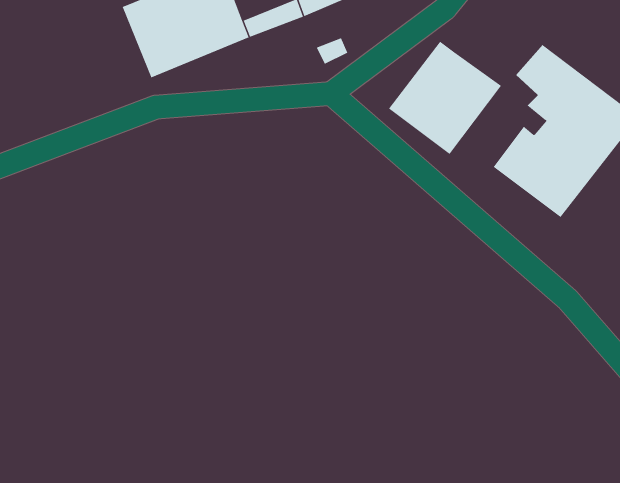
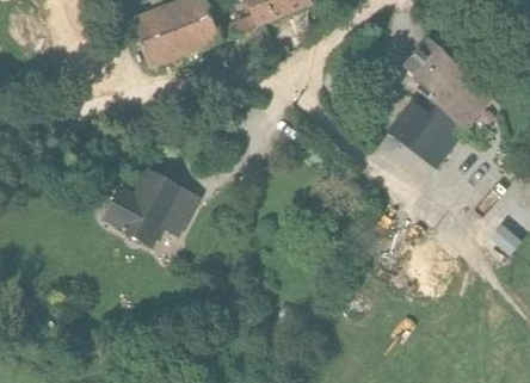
building: [388,41,502,155] -> none
building: none -> [105,172,197,243]

